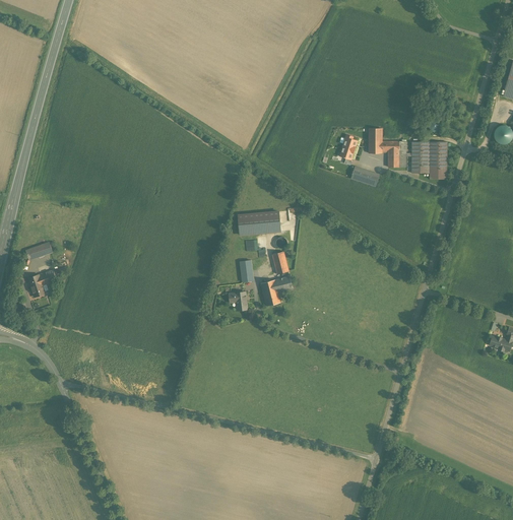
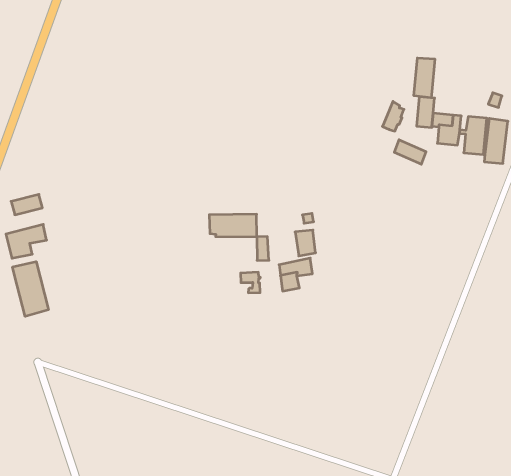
building: none -> [414,58,435,98]
building: [238,211,280,234] -> [209,214,257,237]
building: none -> [13,262,48,316]

